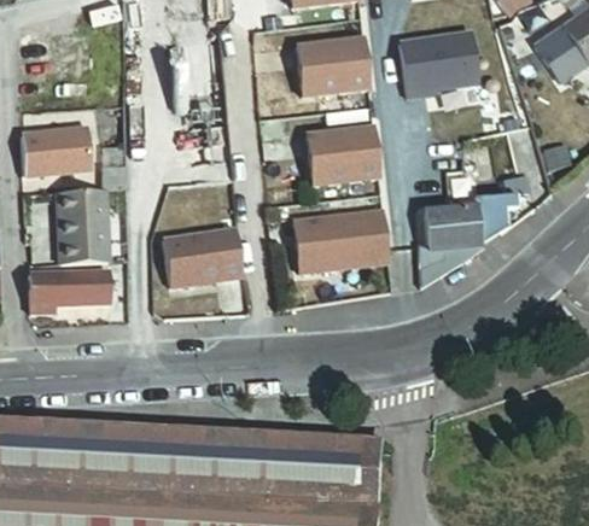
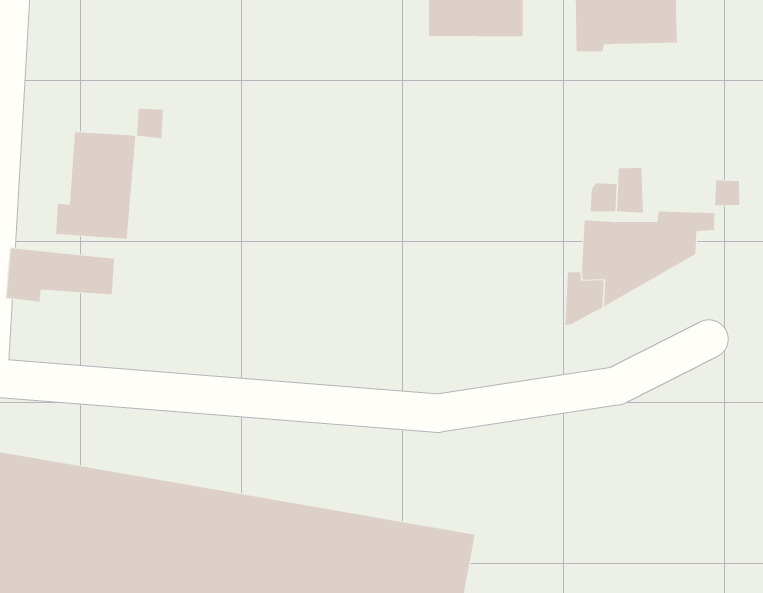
building: [307,125,379,183] -> none
building: [21,128,91,174] -> none
building: [293,209,389,270] -> none
building: [164,228,245,287] -> none

